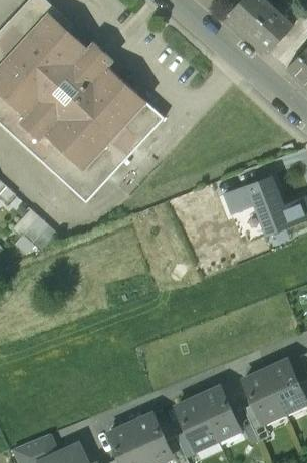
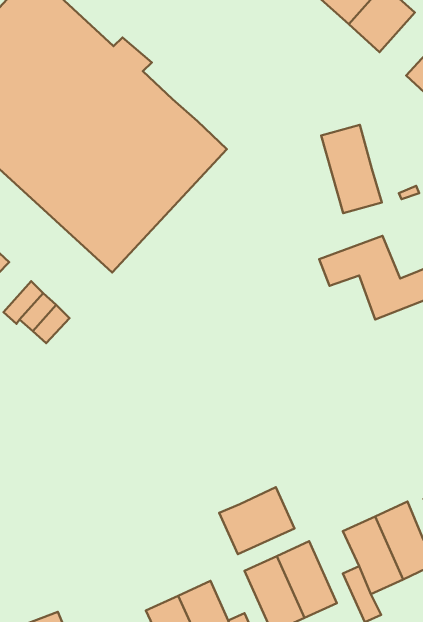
building: none -> [321,125,382,213]
building: none -> [219,487,294,554]

